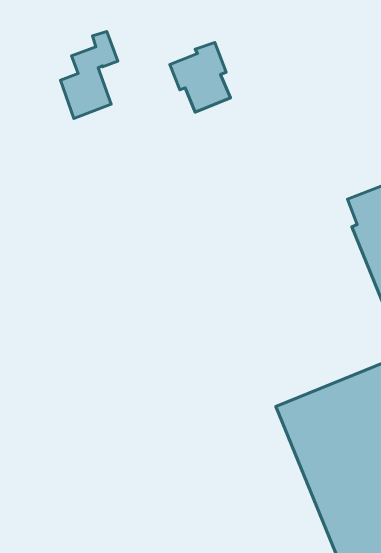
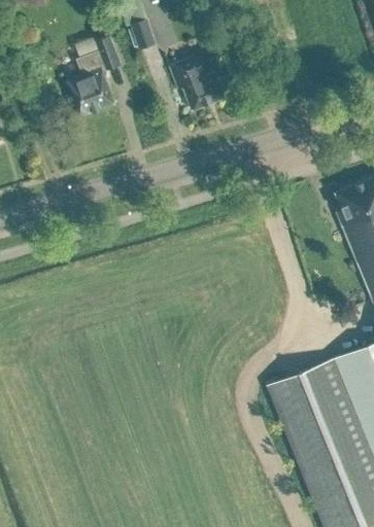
building: none -> [129,20,156,50]

